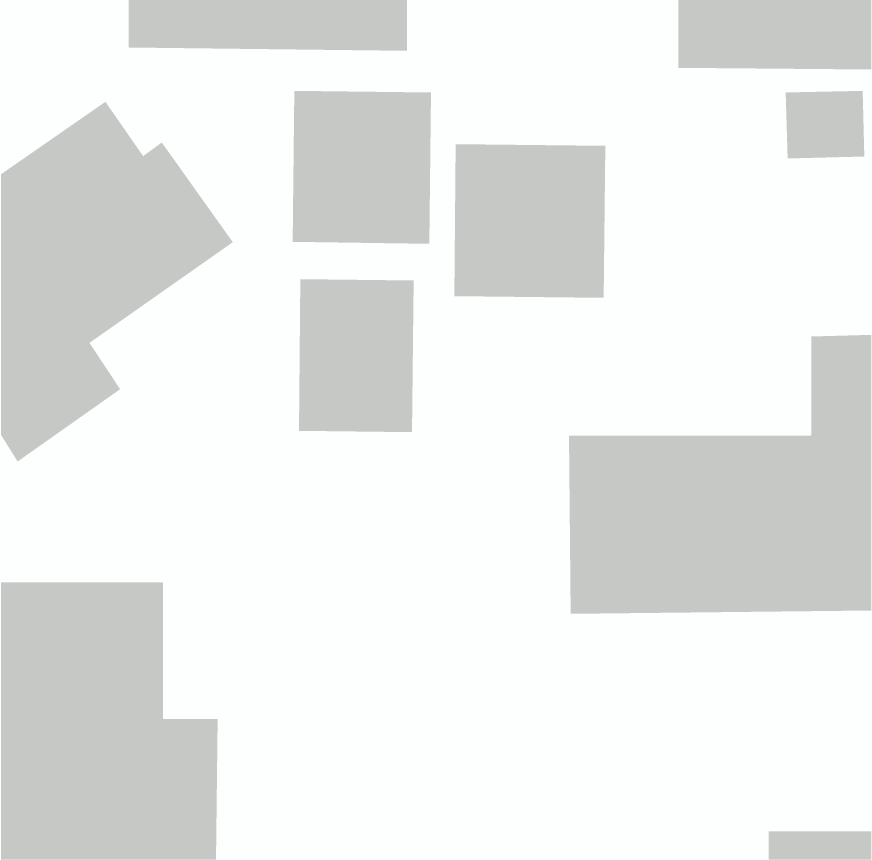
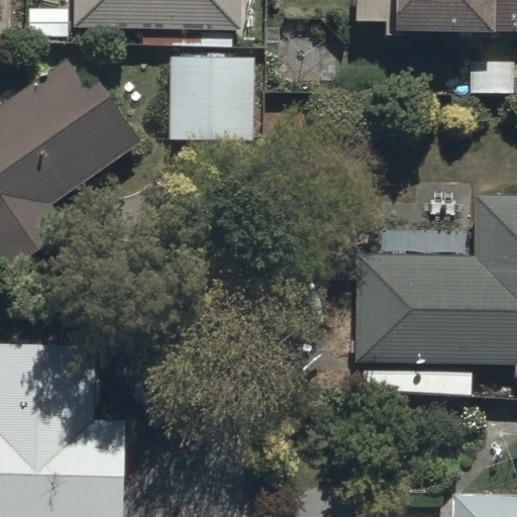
building: [454,143,606,298] -> none
building: [298,279,414,433] -> none

